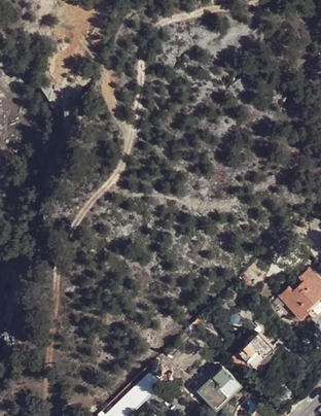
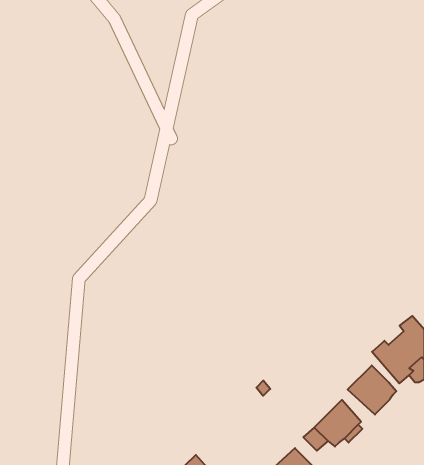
building: none -> [348,365,396,415]

